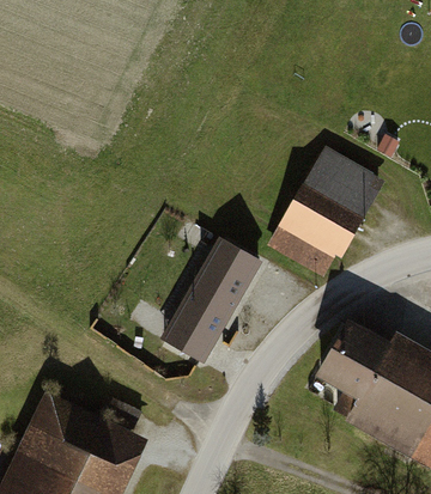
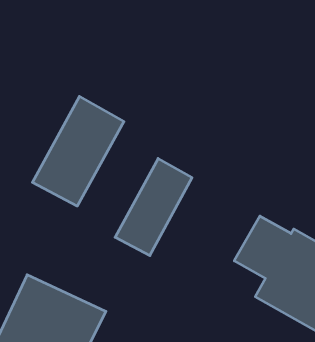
building: [268,150,377,281] -> none
building: none -> [32,96,124,206]

